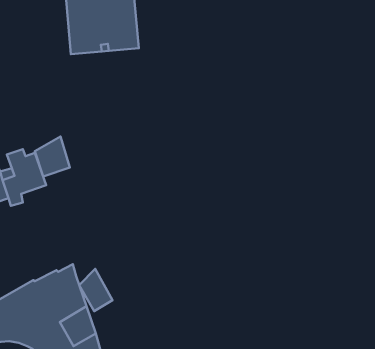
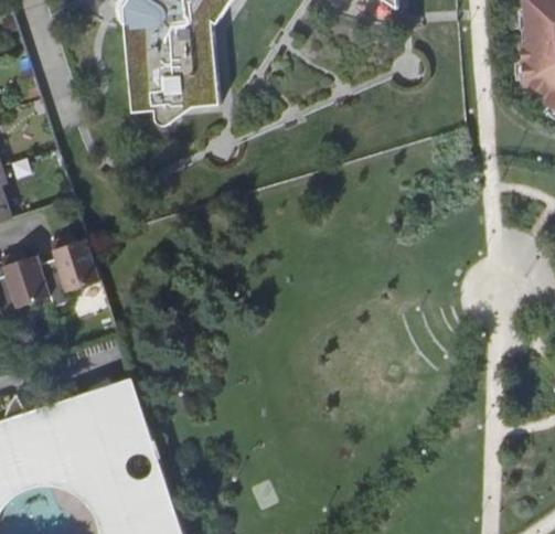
building: [35,137,70,176] -> none
building: [79,269,113,311] -> none

